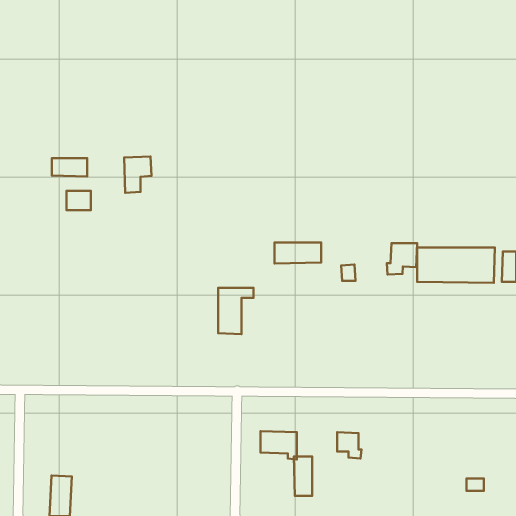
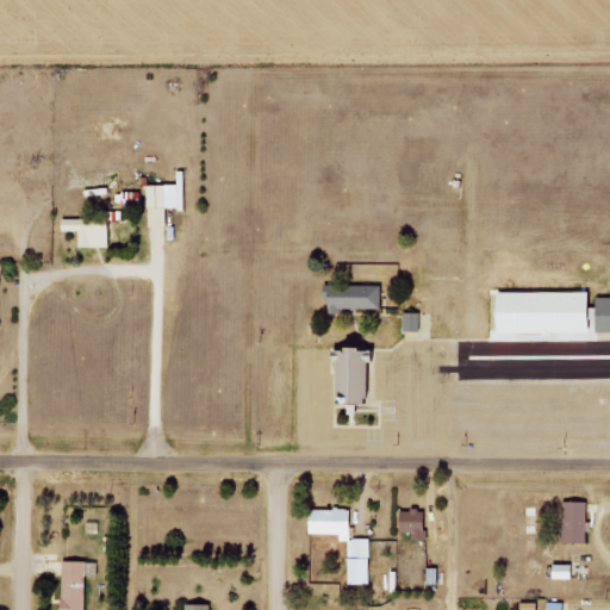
building: [52,158,87,177] -> none
building: [387,243,417,275] -> none
building: [218,288,254,334] -> [334,350,375,405]
building: none -> [560,502,585,544]

